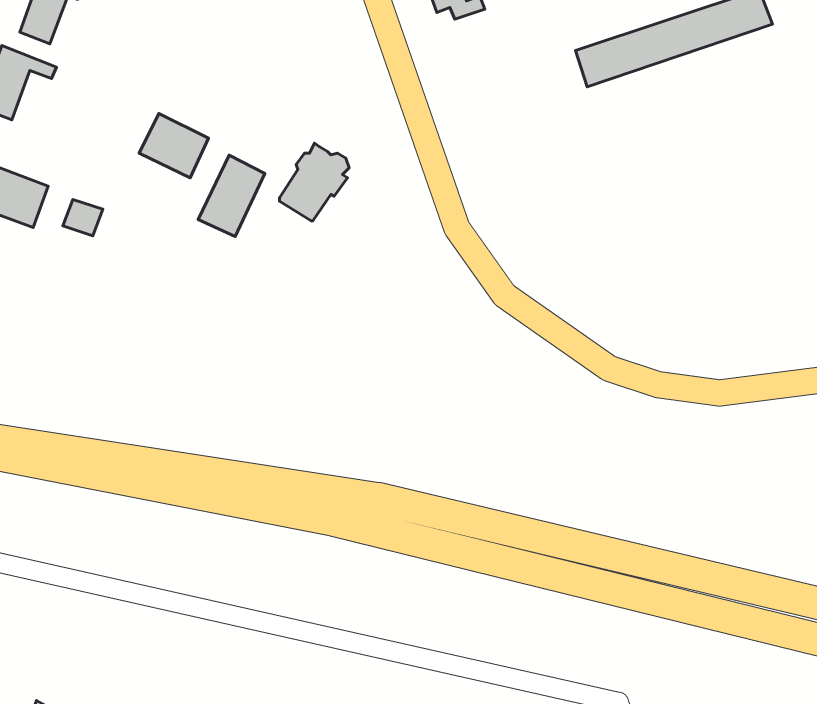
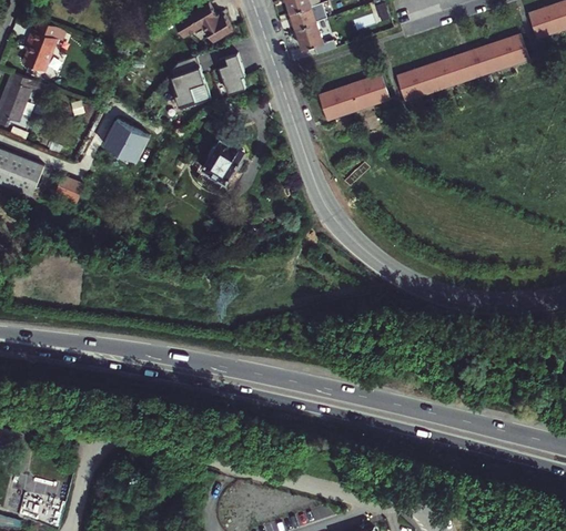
building: none -> [216,52,245,93]
building: none -> [171,55,211,109]
building: none -> [319,75,388,120]
building: [198,155,265,237] -> none

